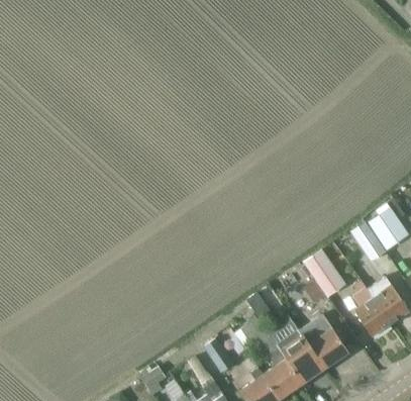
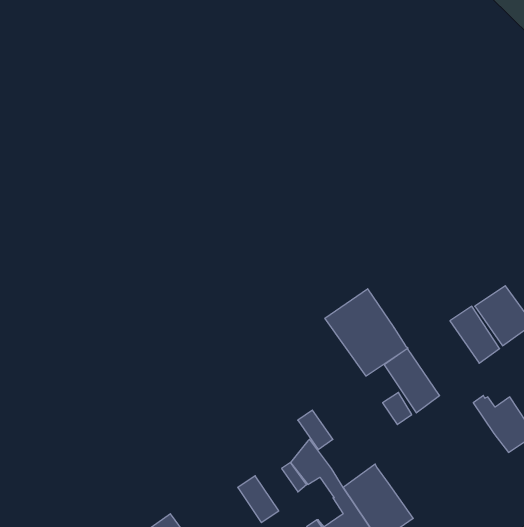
building: none -> [325,289,408,376]
building: [354,281,391,335] -> none
building: [300,316,348,368] -> none

